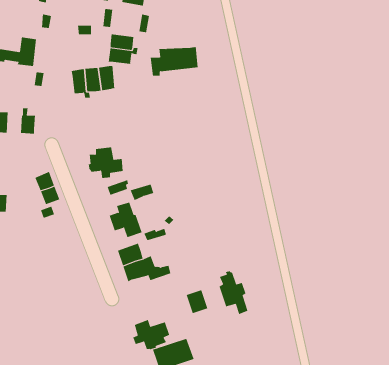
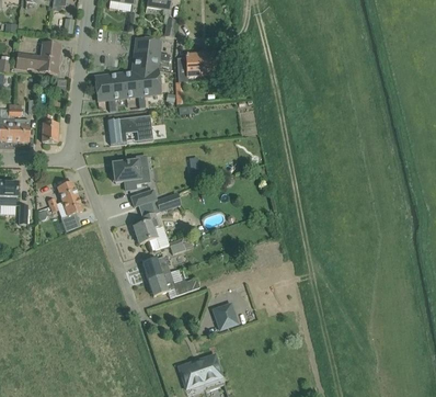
building: none -> [137,67,160,101]
building: none -> [107,114,152,144]
building: [219,270,248,315] -> none
building: [133,319,170,350] -> none

